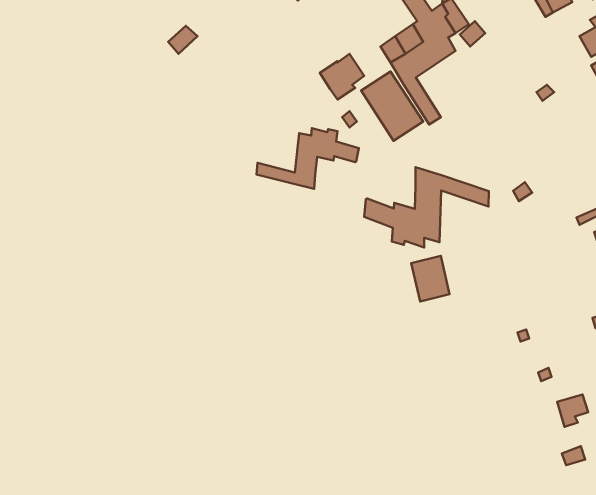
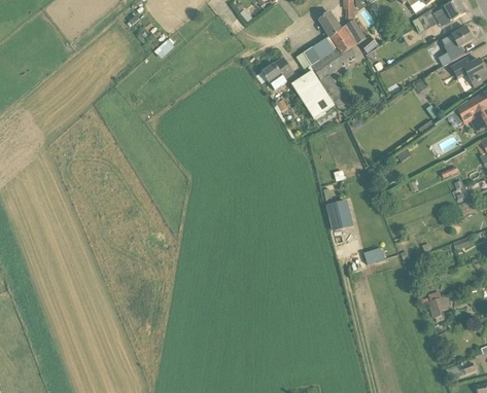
building: [256,128,359,189] -> none
building: [364,167,489,247] -> none

